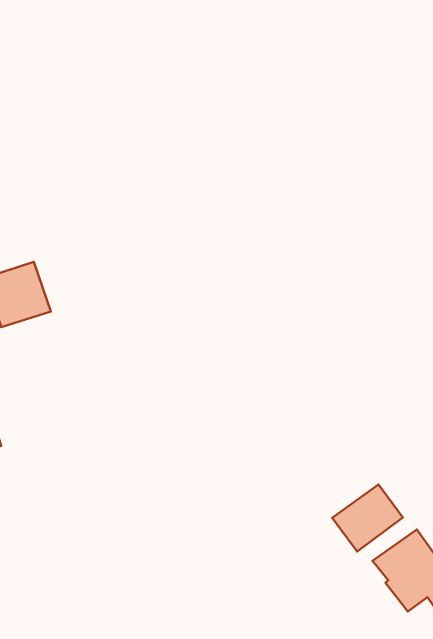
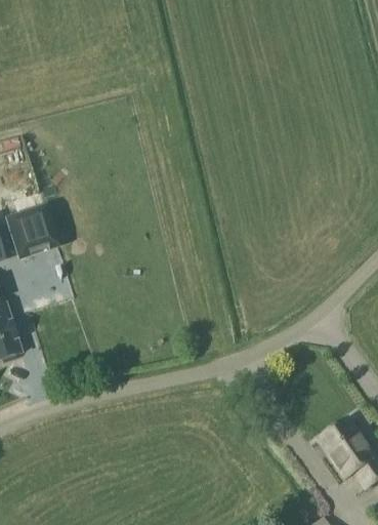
building: [332,484,403,552] -> none

